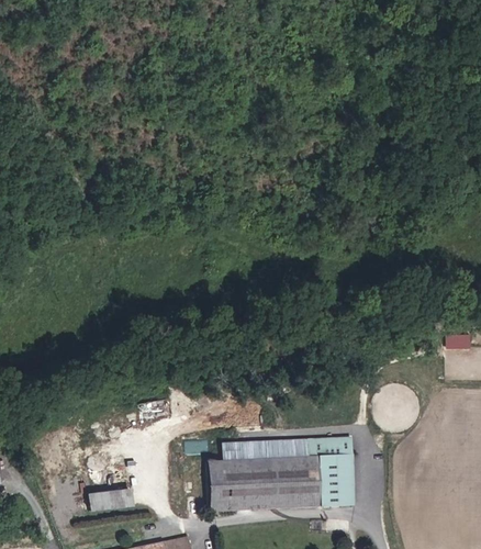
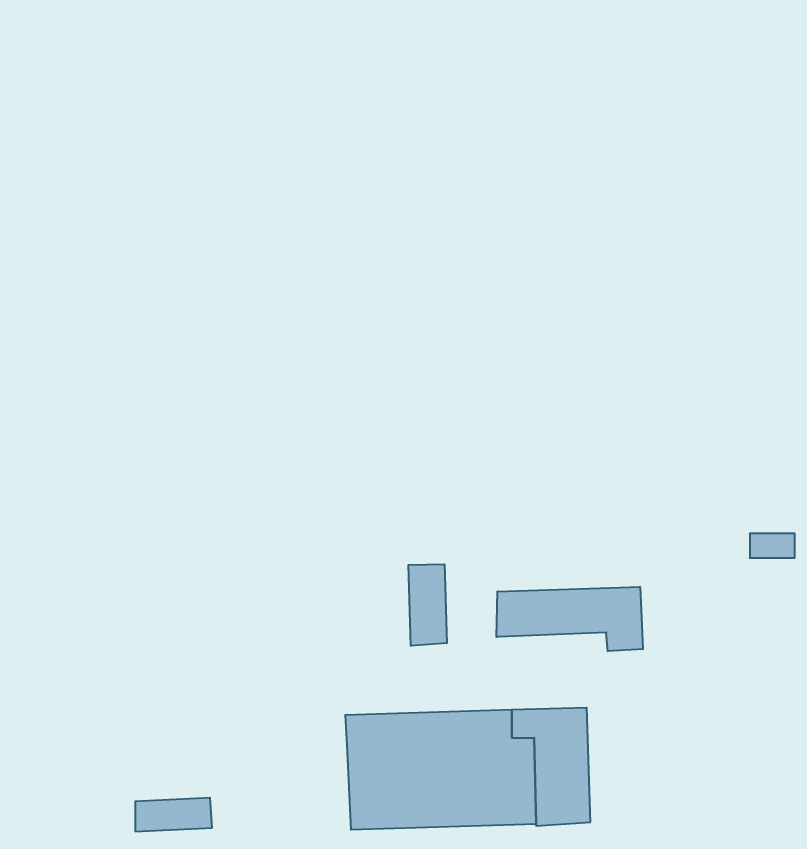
building: none -> [408,564,447,646]
building: none -> [496,587,643,651]

